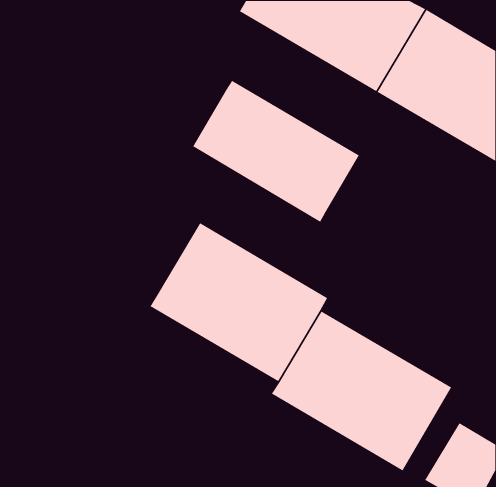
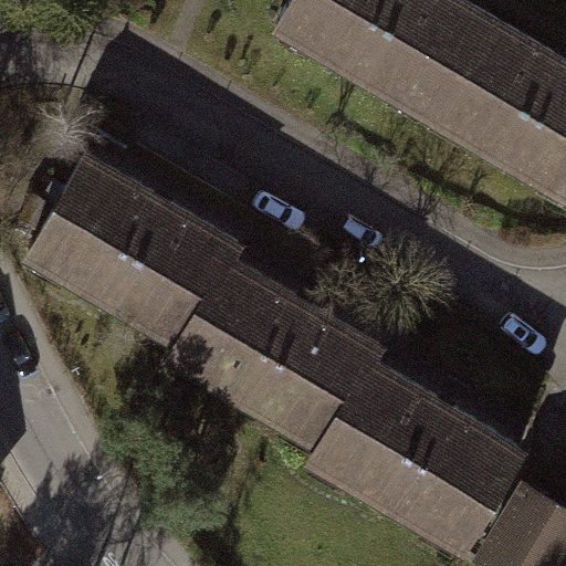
building: [192,80,360,223] -> none
building: none -> [28,158,237,345]

